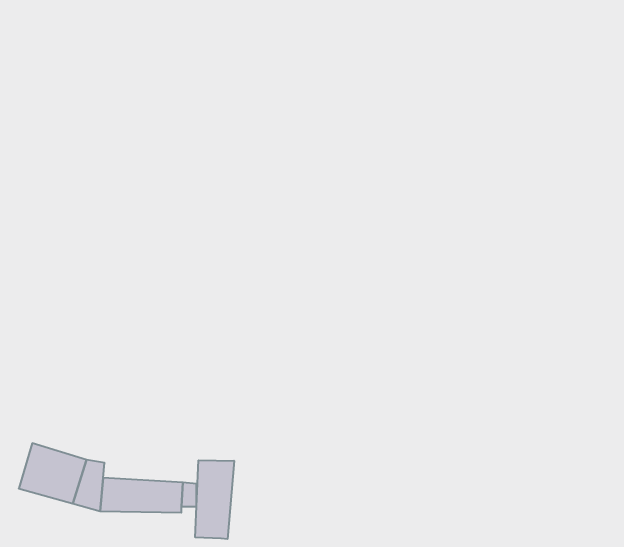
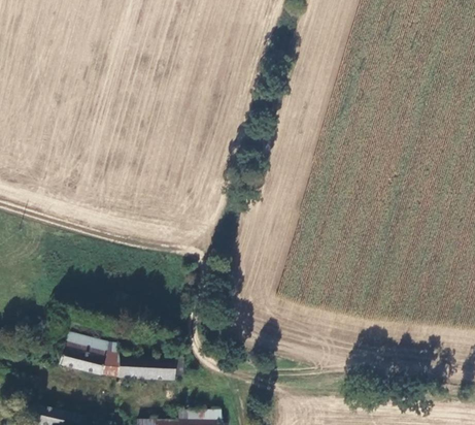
building: [195,460,234,539] -> none

